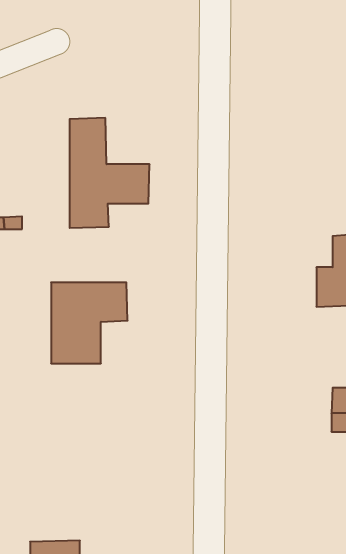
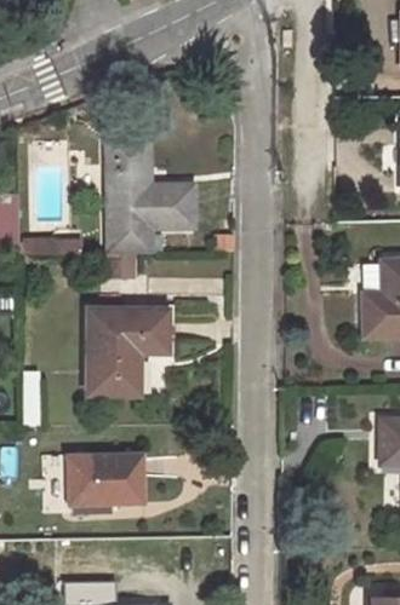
building: none -> [65,456,144,507]

